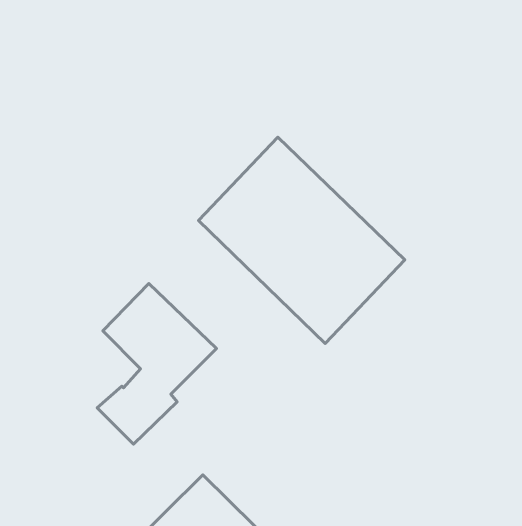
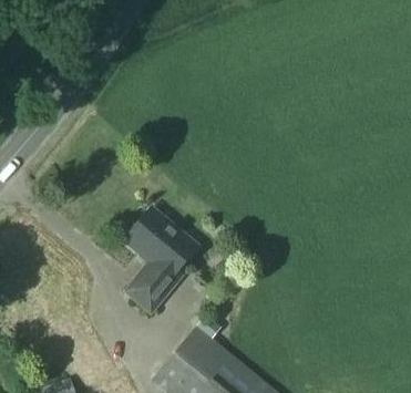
building: [198,137,405,343] -> none

